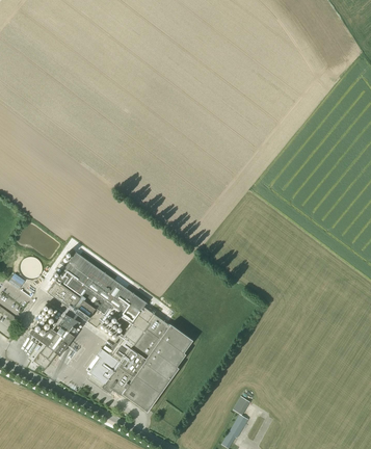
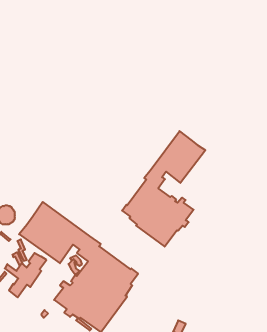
building: none -> [122,131,205,247]

